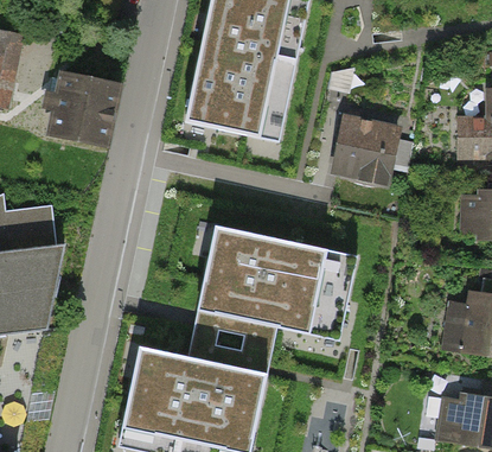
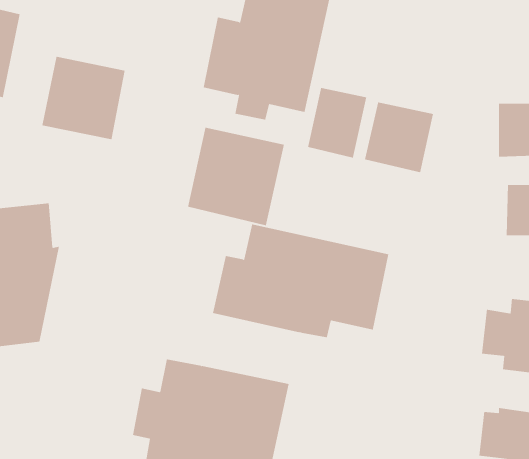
building: none -> [308,87,367,158]
building: none -> [187,127,284,226]
building: [189,306,277,370] -> none

